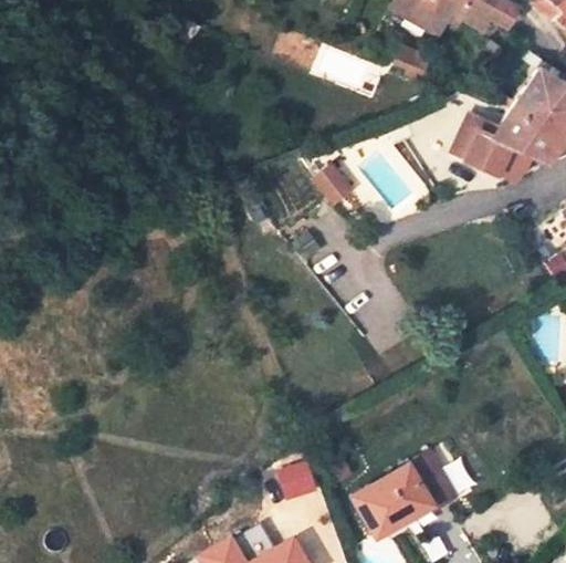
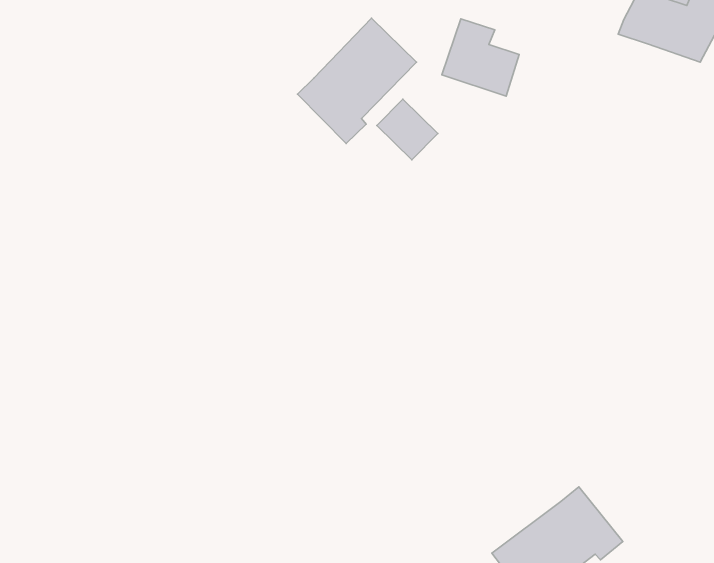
building: none -> [298,18,417,144]
building: [457,113,514,173] -> [442,19,519,96]

